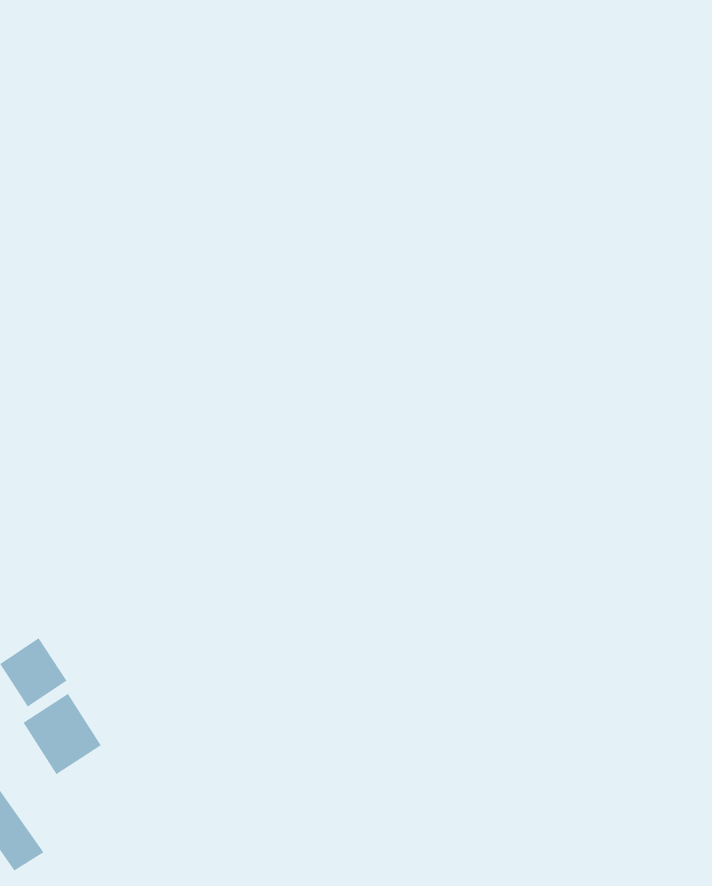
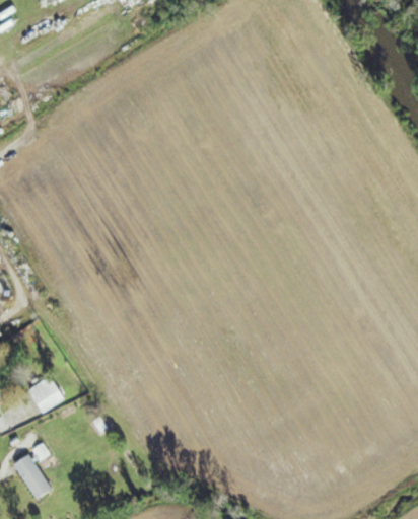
building: [23,693,102,775] -> none

